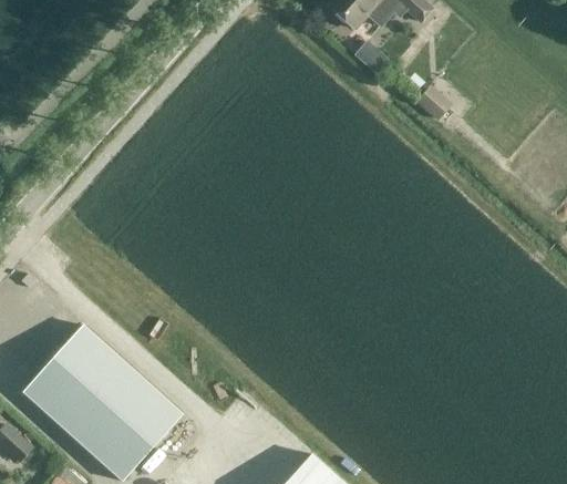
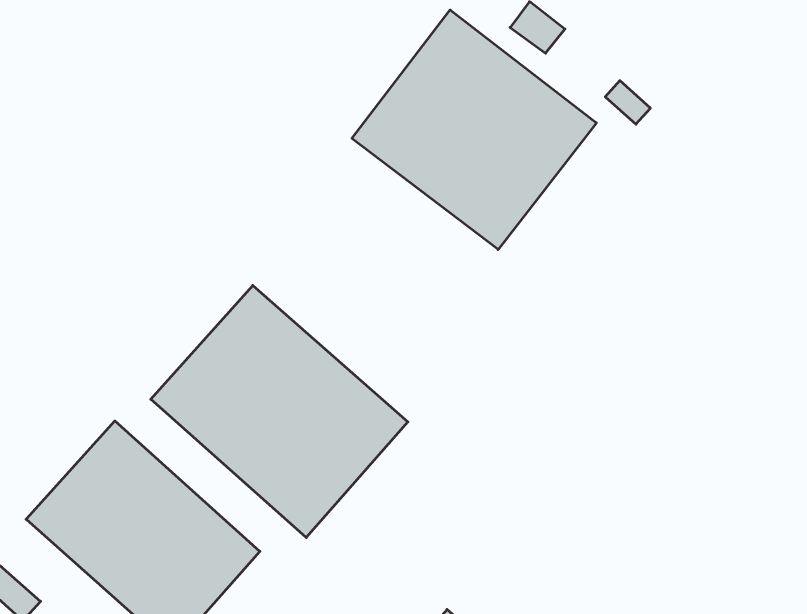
building: none -> [352,10,596,250]
building: none -> [151,285,408,538]

